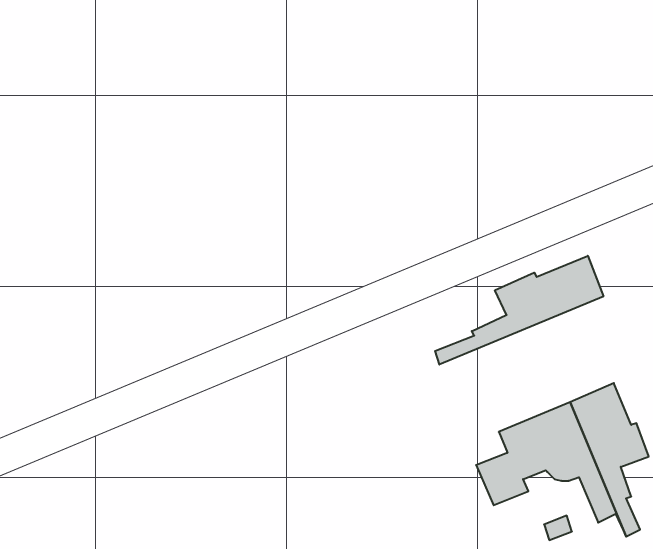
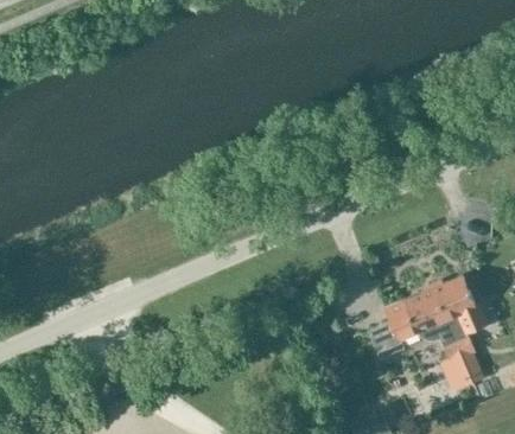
building: [435,256,603,365] -> none

